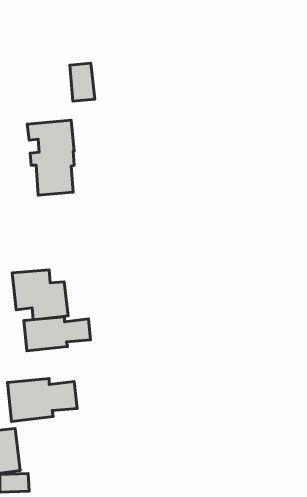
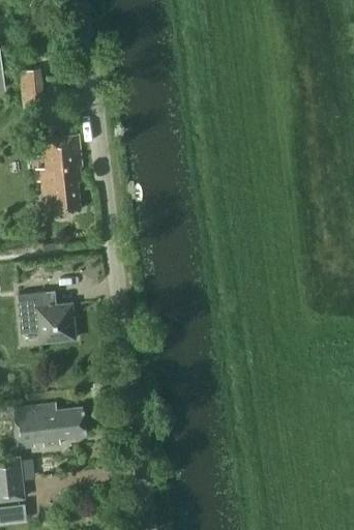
building: [70,63,95,101] -> [20,70,46,110]
building: [24,317,91,351] -> none

